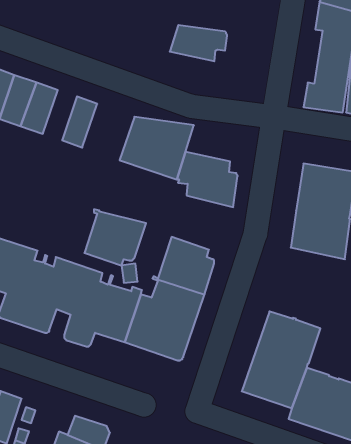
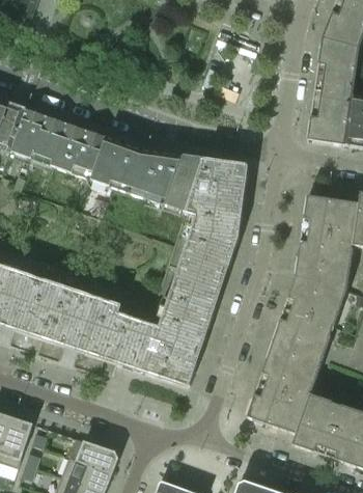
building: [170,25,227,61] -> [192,157,248,192]
building: none -> [53,122,86,171]
building: none -> [91,136,142,191]
building: [84,209,146,266] -> [178,223,239,278]
building: none -> [274,276,347,355]

